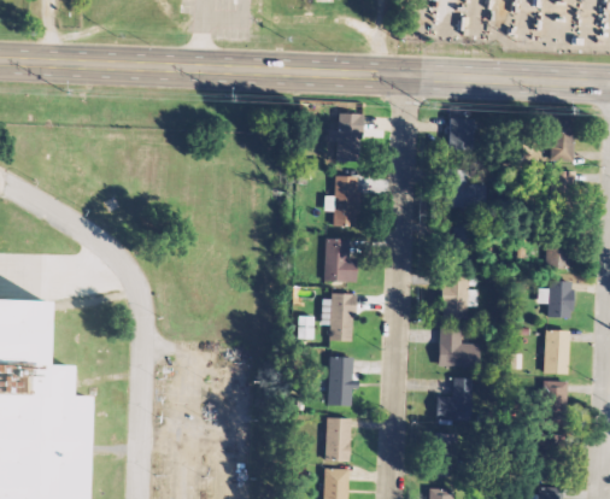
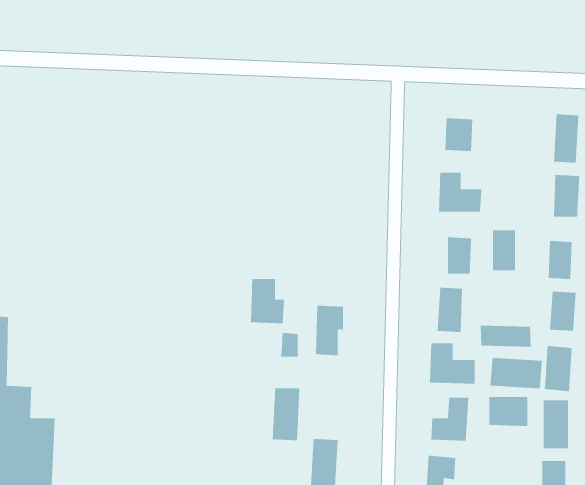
building: [338,112,364,152] -> none
building: [335,176,360,223] -> none
building: none -> [493,230,515,271]
building: [324,239,357,281] -> [250,278,285,324]
building: none -> [480,325,531,348]
building: none -> [490,357,542,389]
building: [328,356,354,405] -> [272,388,300,441]
building: none -> [489,396,528,427]

